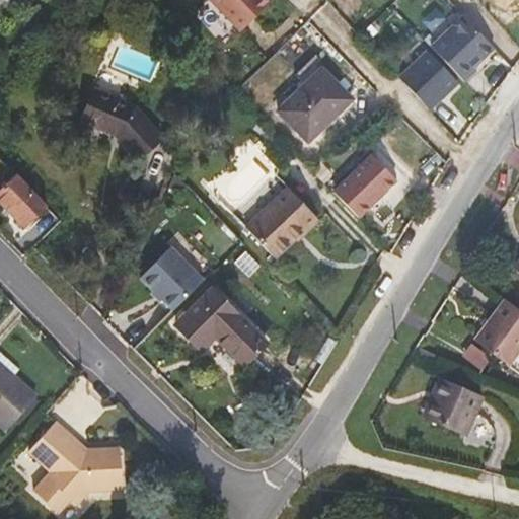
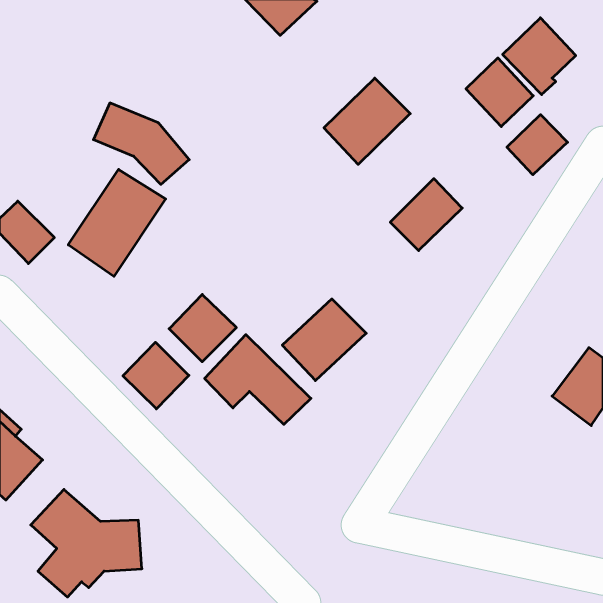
building: none -> [507,115,568,175]
building: none -> [68,169,166,276]
building: [245,187,317,256] -> [282,299,366,381]
building: none -> [123,342,189,409]
building: [423,376,484,436] -> none

